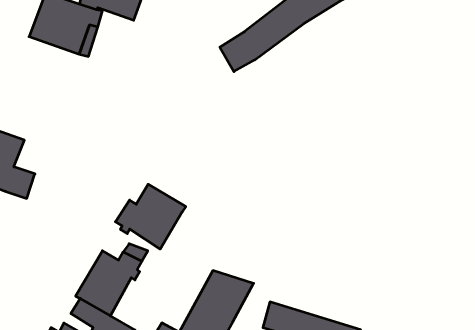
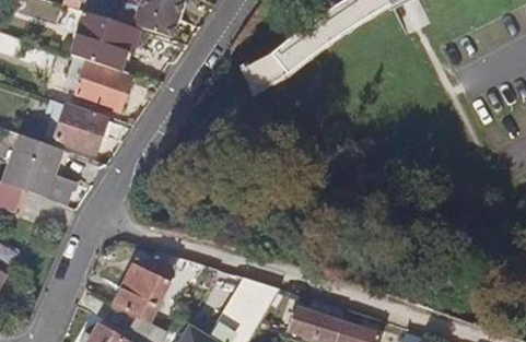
building: none -> [74,64,125,109]
building: none -> [46,101,105,153]
building: [115,184,186,249] -> none

